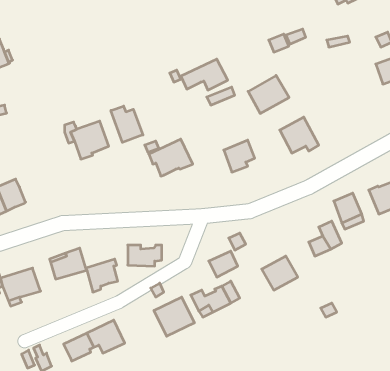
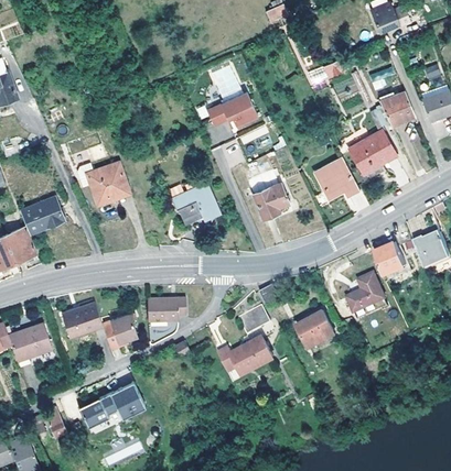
building: none -> [379,91,415,125]
building: [248,75,289,113] -> [350,131,395,173]
building: [111,106,143,142] -> none
building: none -> [19,198,64,234]
building: [154,297,194,336] -> none

